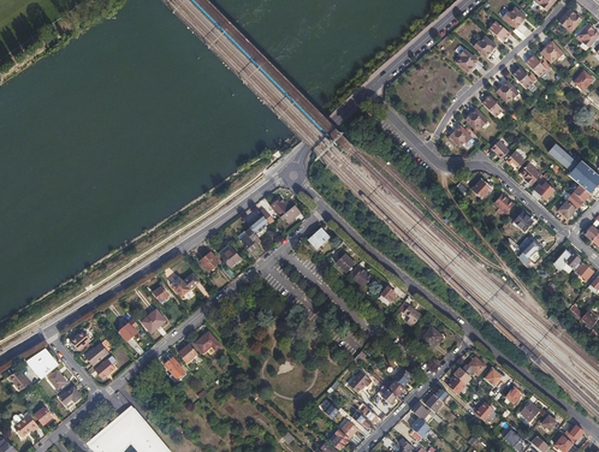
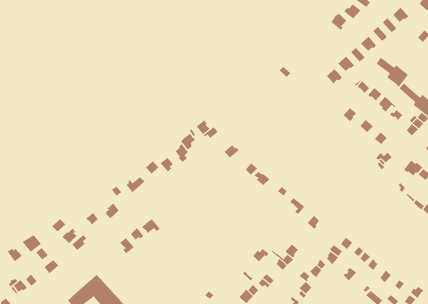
building: none -> [376,57,409,87]

